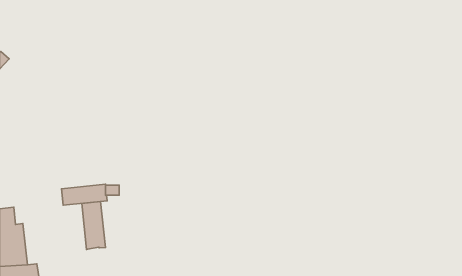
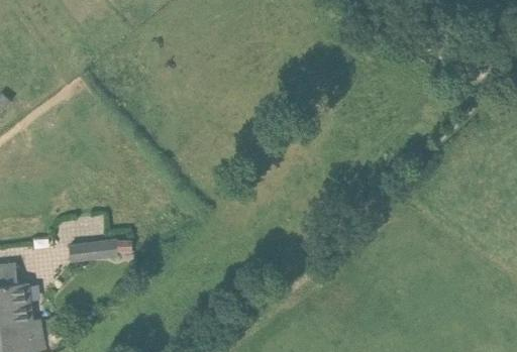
building: [82,202,105,249] -> none

